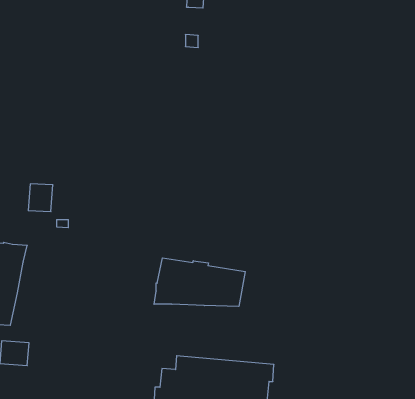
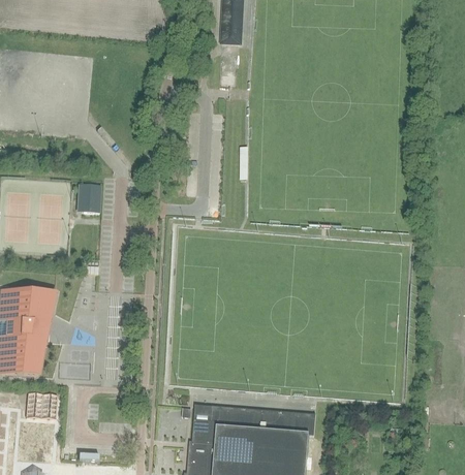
building: [28,184,53,212] -> [76,183,102,212]
building: [154,258,245,306] -> none

